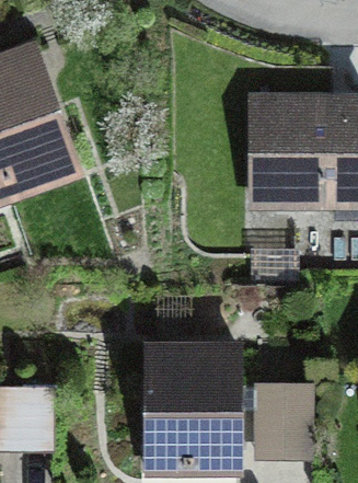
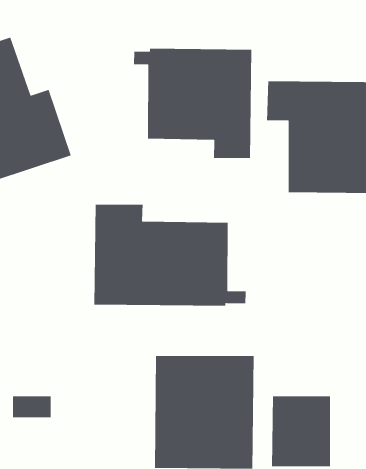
building: none -> [133,48,252,159]
building: none -> [94,204,247,306]

